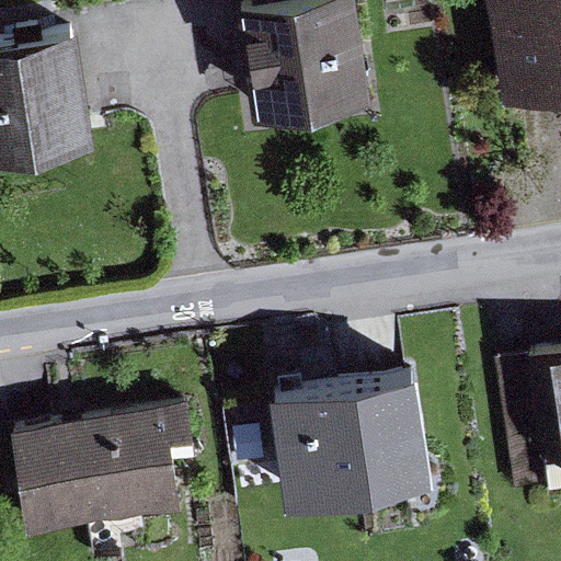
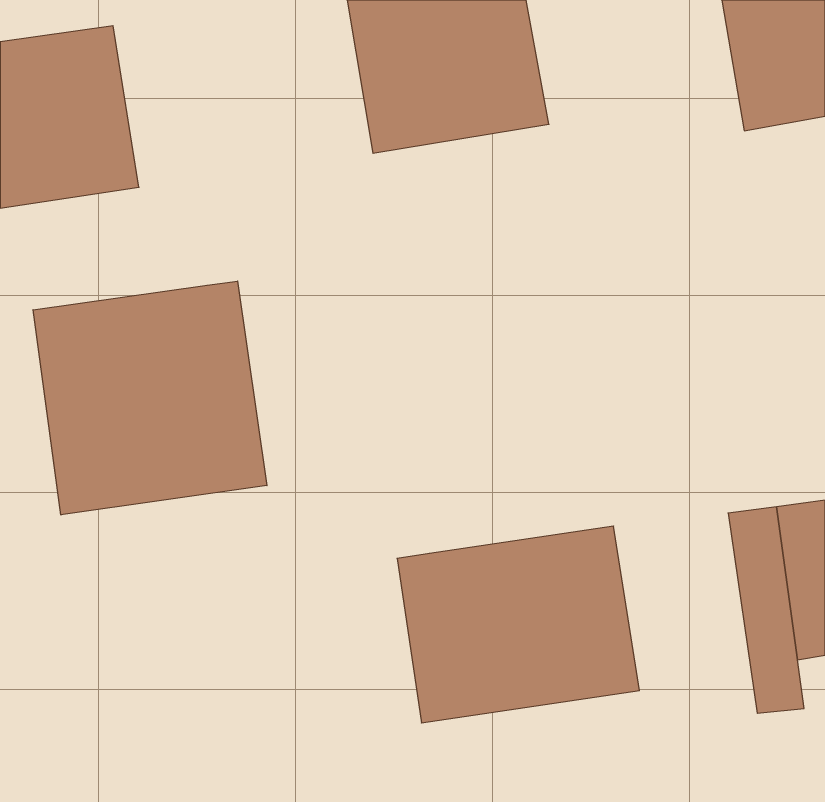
building: none -> [33,281,267,515]
building: [11,404,194,539] -> none

